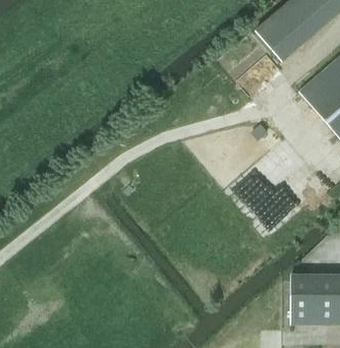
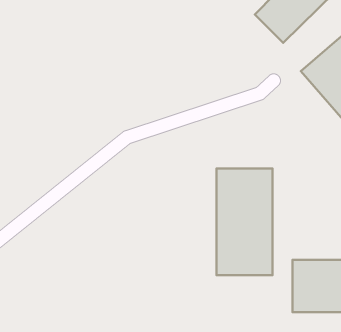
building: none -> [217,168,273,275]

